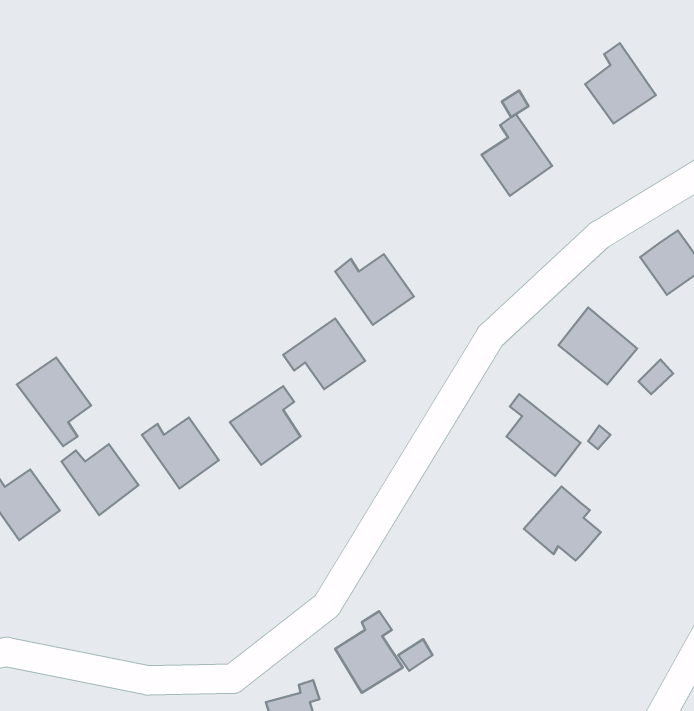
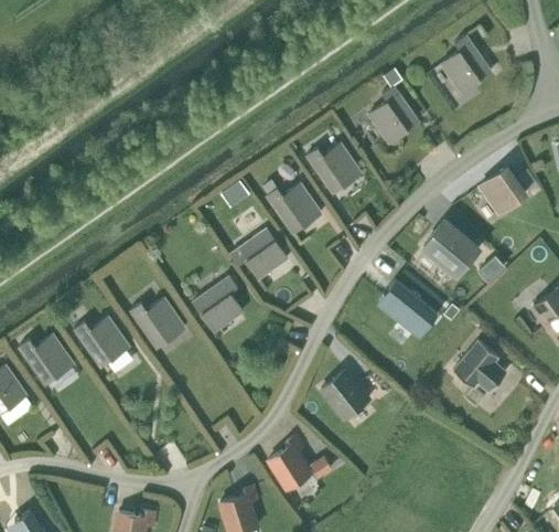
building: none -> [307,143,362,194]
building: [17,357,91,446] -> none
building: [524,486,601,560] -> [453,341,507,393]
building: none -> [322,371,369,419]

